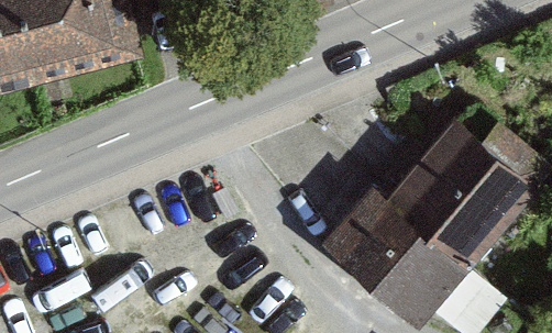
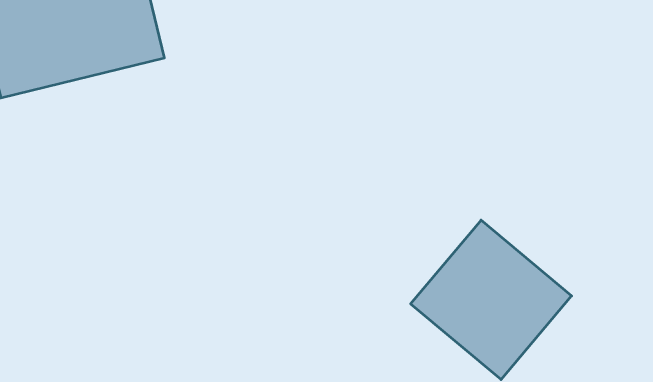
building: [399,120,532,252] -> none

